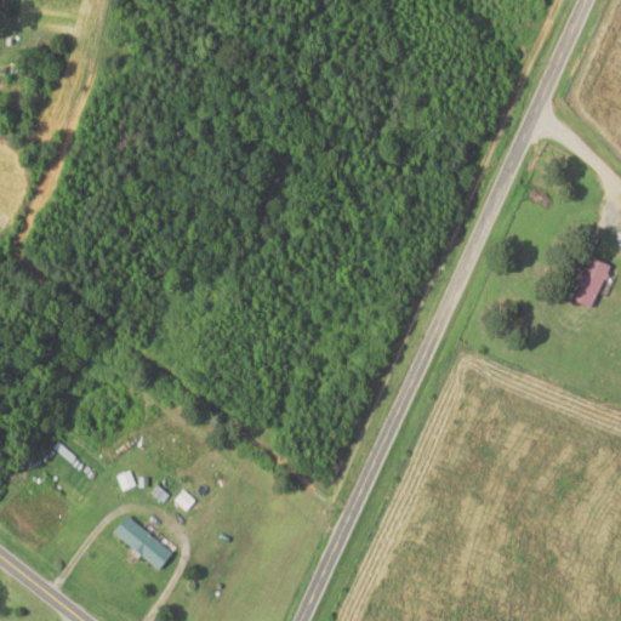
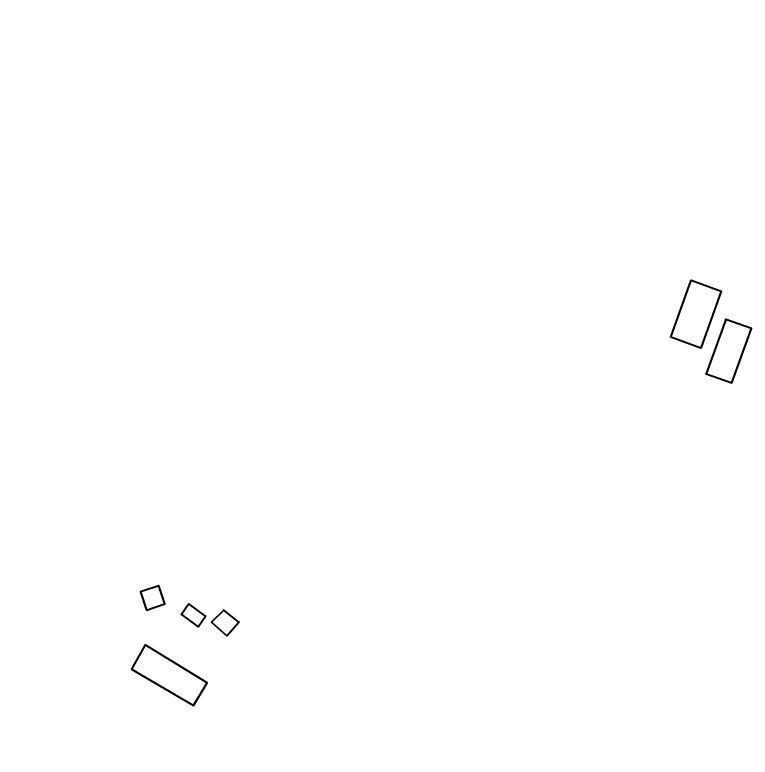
building: none -> [671,280,721,348]

